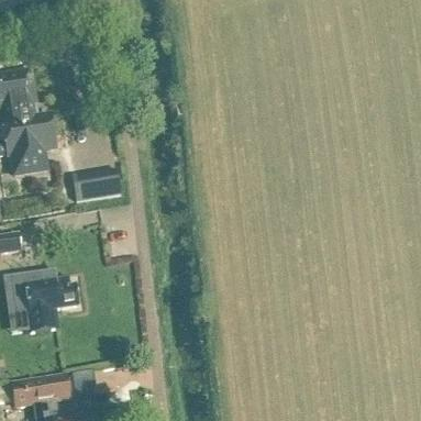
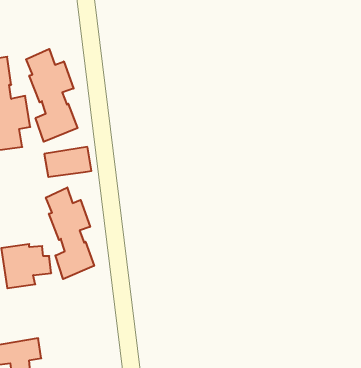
building: none -> [26,49,78,142]
building: none -> [46,187,94,279]

